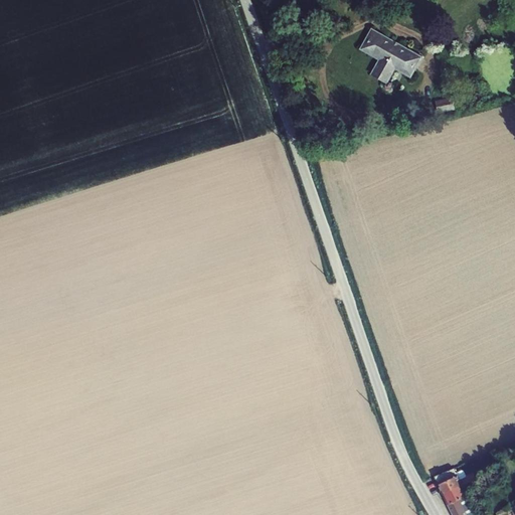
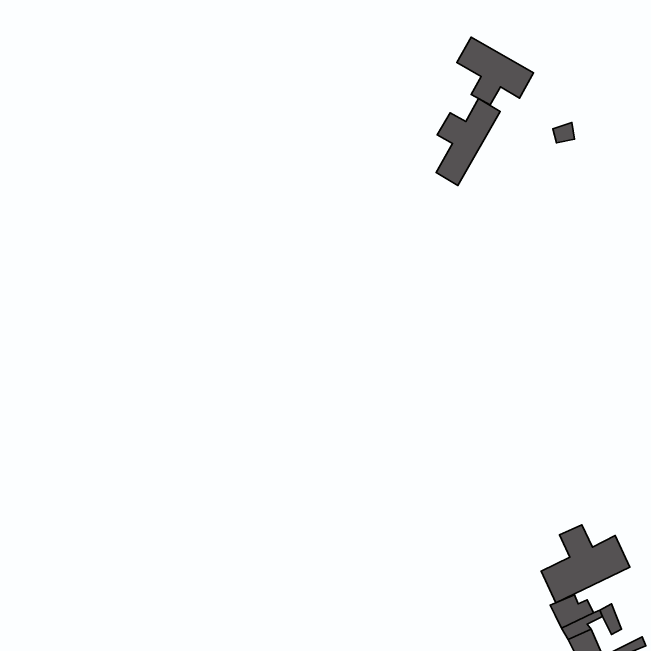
building: none -> [436,98,500,185]
building: none -> [541,525,630,603]

